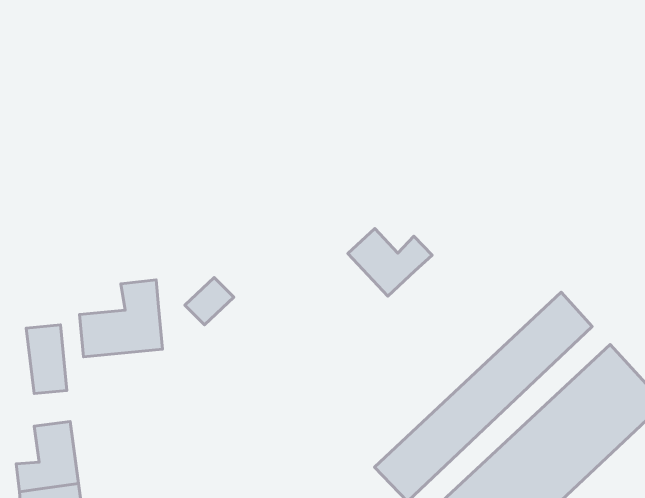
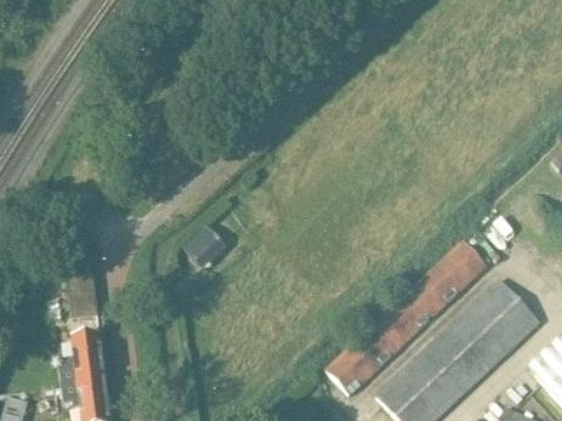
building: [348,228,432,296] -> none
building: [79,280,162,357] -> none

